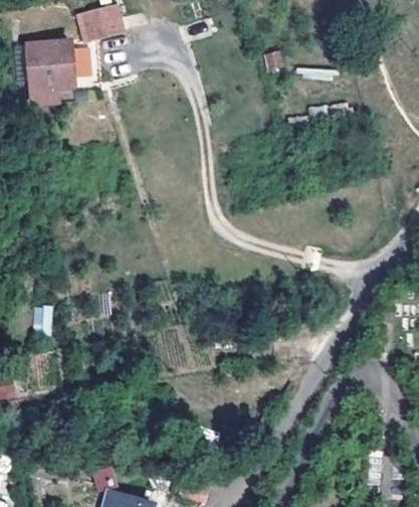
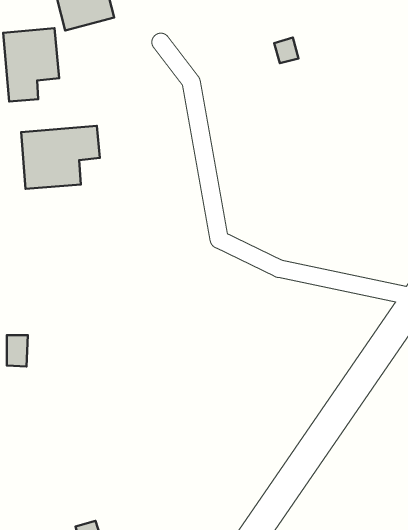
building: none -> [21,126,100,189]

